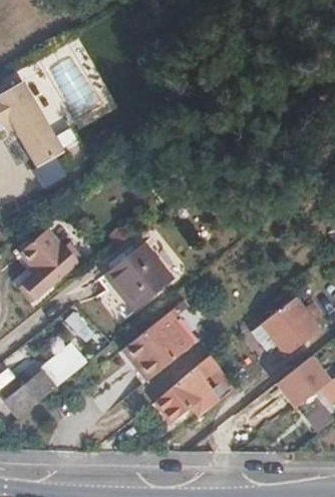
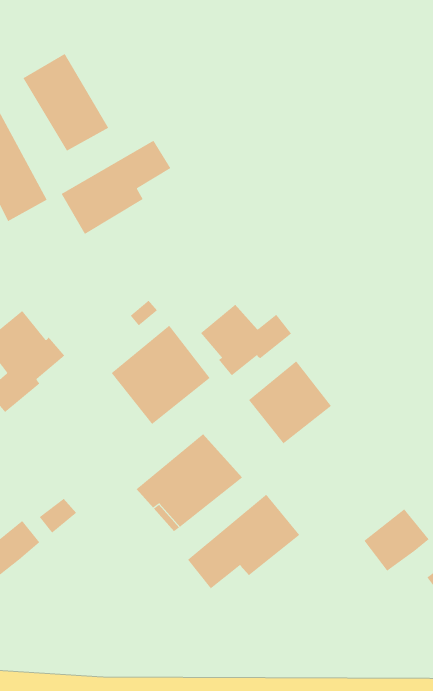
building: none -> [61,140,171,235]
building: none -> [200,304,292,376]
building: [259,295,316,352] -> [248,360,332,444]

